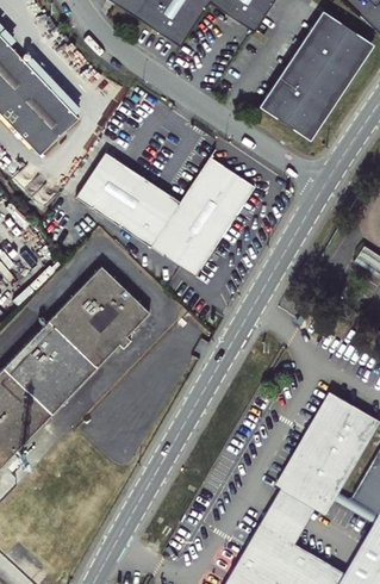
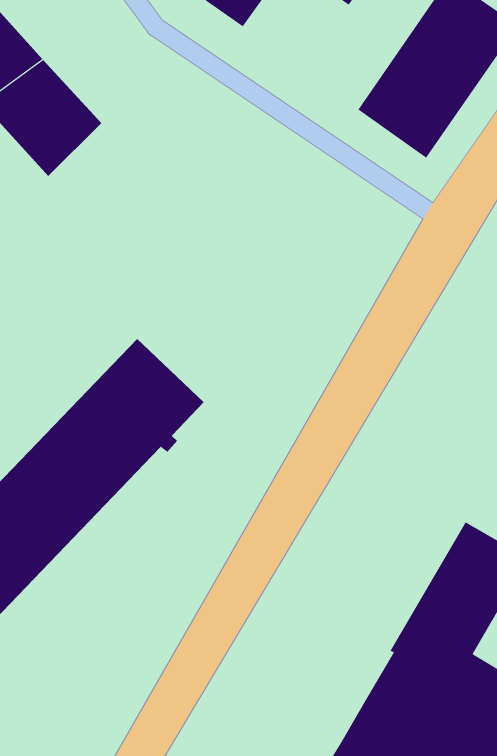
building: [74,151,253,275] -> none

